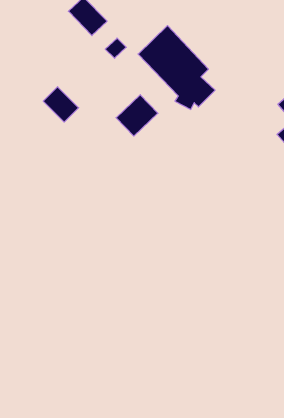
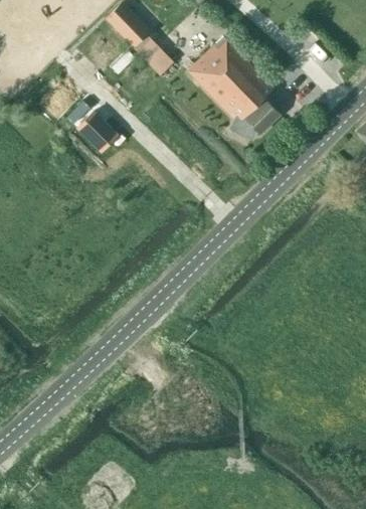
building: [116,95,158,136] -> none

